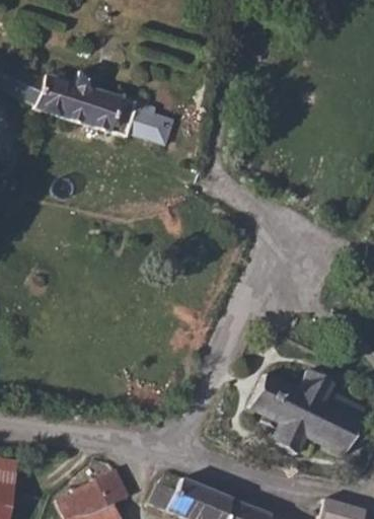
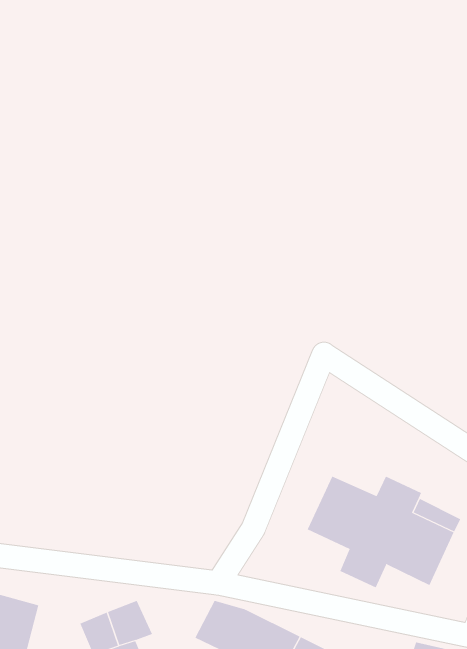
building: [28,70,174,152] -> none

